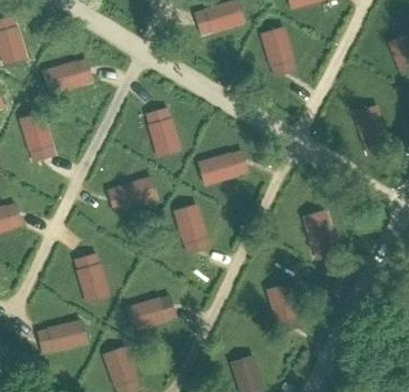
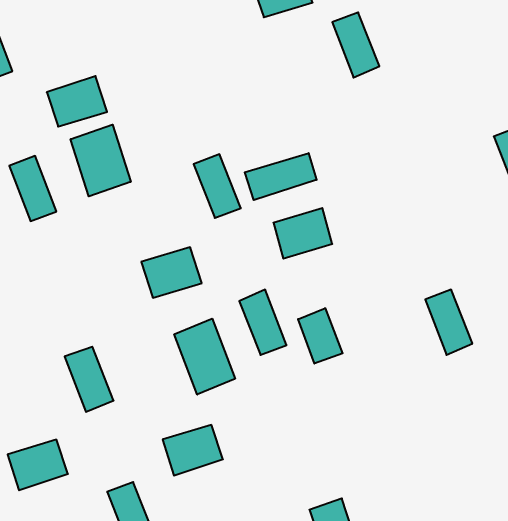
building: none -> [71,125,131,196]
building: none -> [245,153,317,200]
building: none -> [298,308,343,364]
building: none -> [174,319,235,395]
building: [277,287,310,331] -> none

